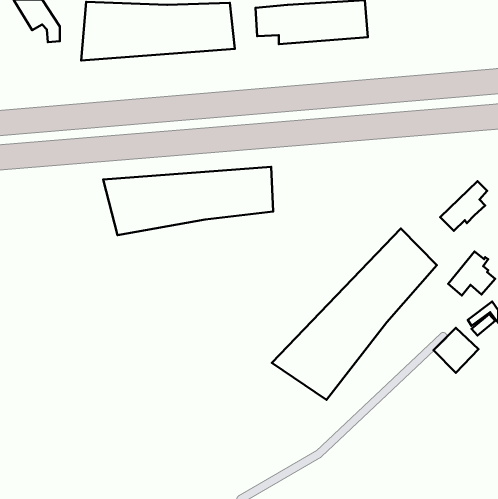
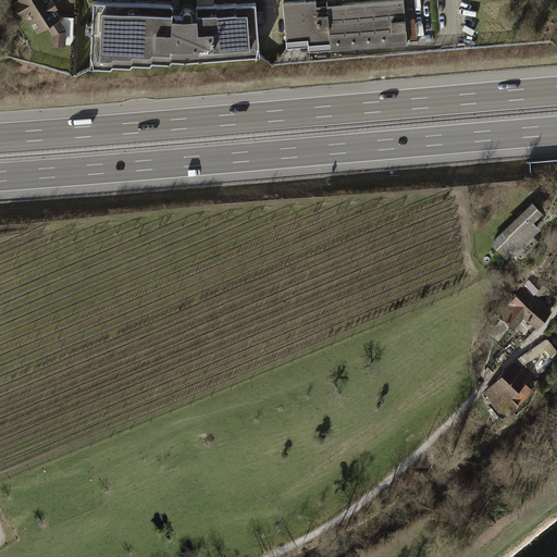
building: [103,167,273,235] -> none
building: [272,228,437,400] -> none

